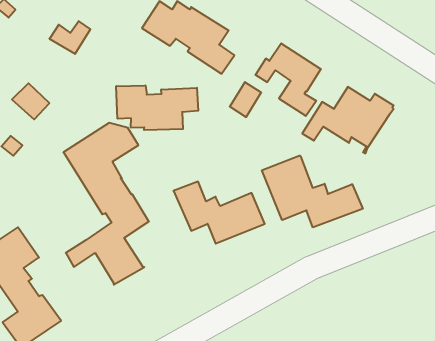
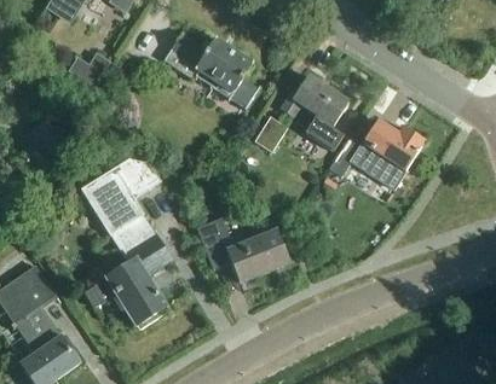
building: [116,85,198,130] -> none
building: [262,156,363,227] -> none

